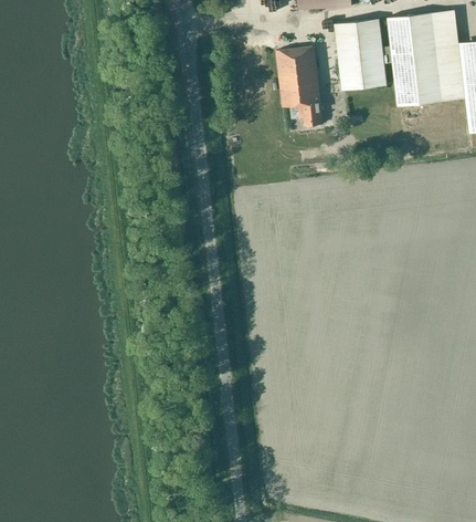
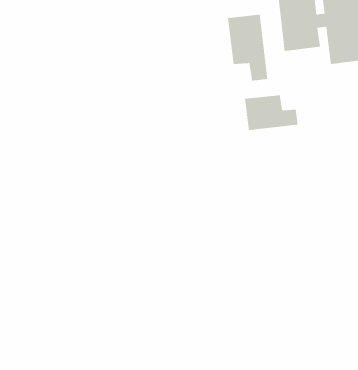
building: none -> [245,94,298,131]

